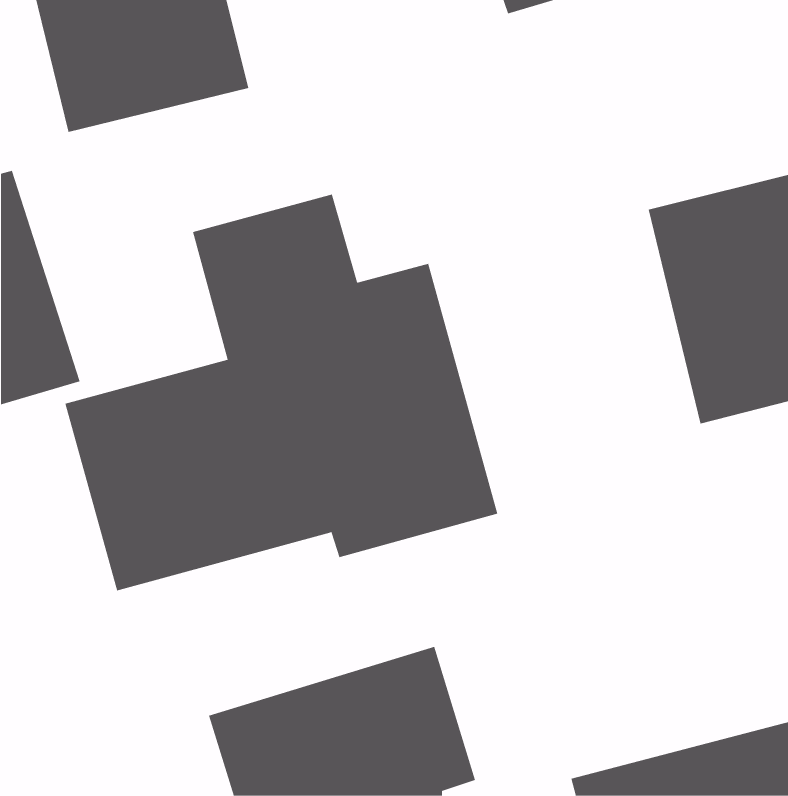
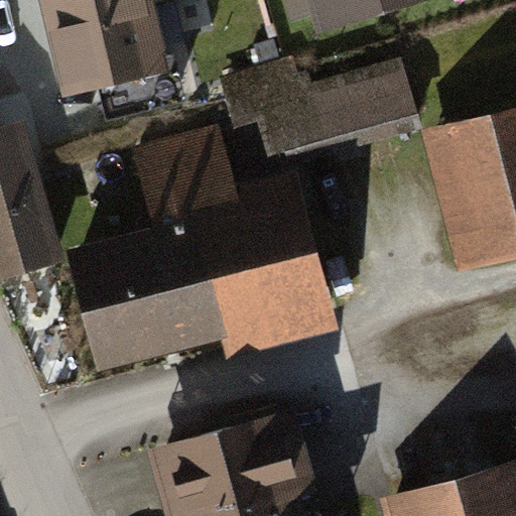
building: none -> [230,57,420,163]

